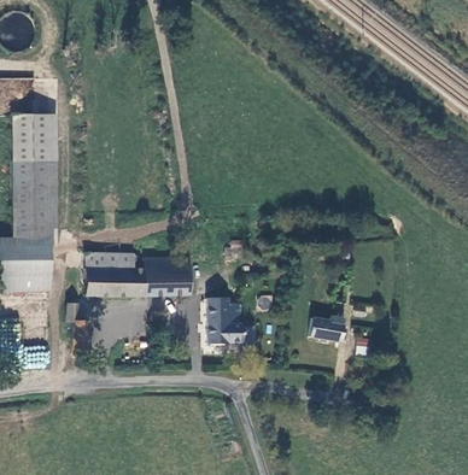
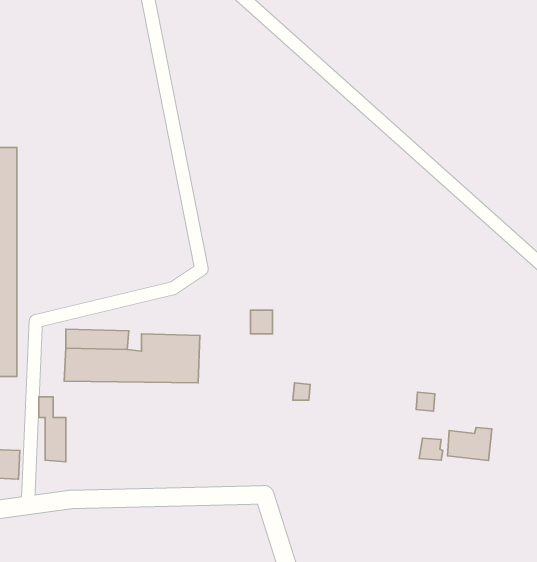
building: [207,298,244,344] -> none
building: [310,316,344,341] -> [448,427,492,460]

